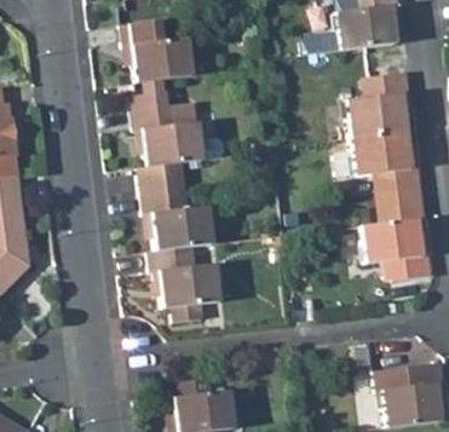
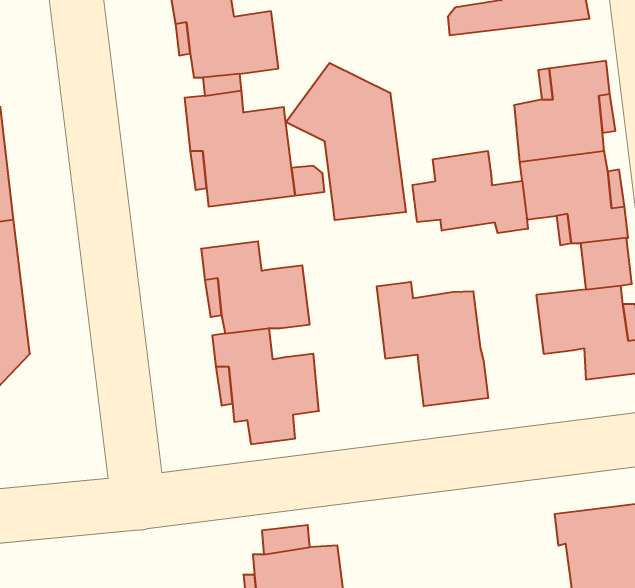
building: none -> [286,63,406,220]
building: none -> [412,151,528,233]
building: none -> [377,282,488,406]

